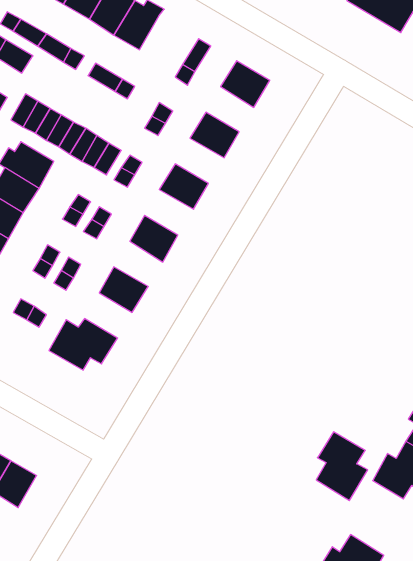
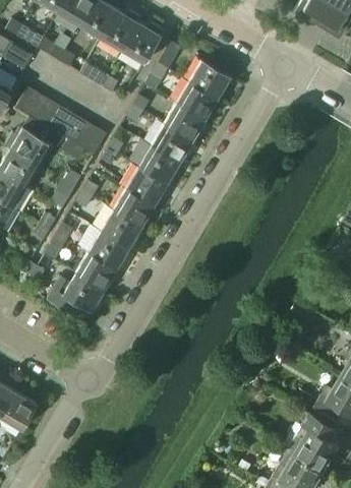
building: none -> [121,22,163,63]
building: none -> [176,81,216,119]
building: none -> [151,124,191,162]
building: none -> [125,167,166,204]
building: none -> [100,209,140,247]
building: none -> [75,252,115,290]
building: [316,432,368,501] -> [296,413,339,470]

